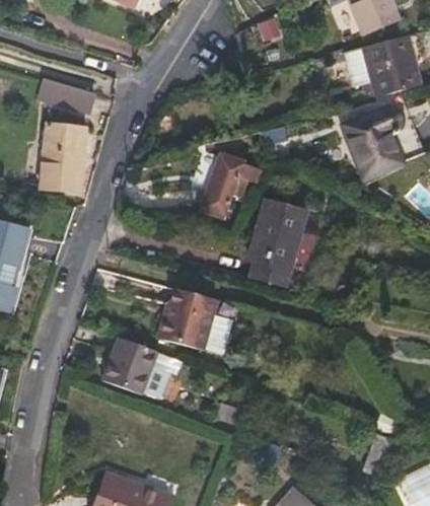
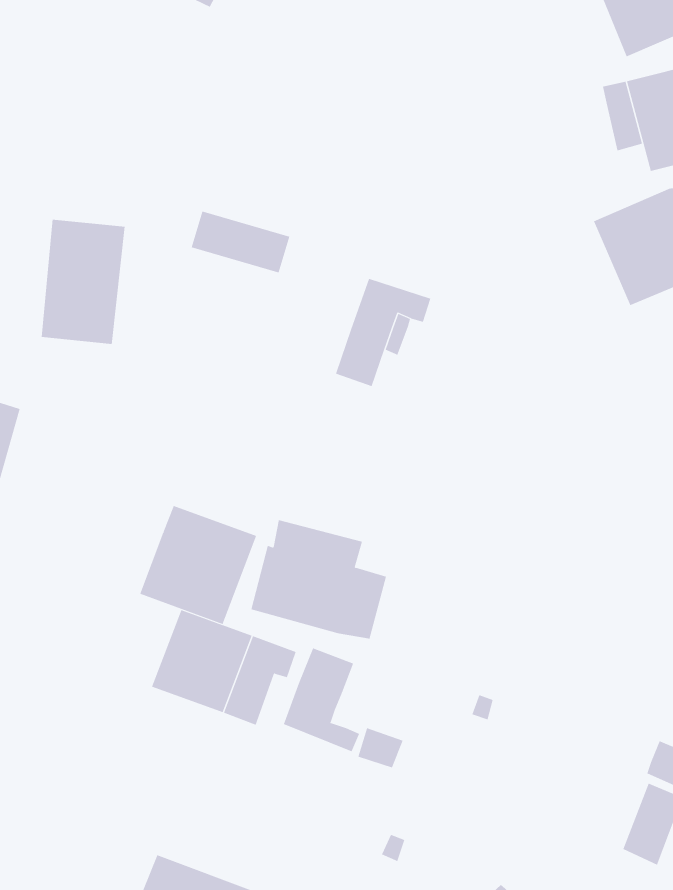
building: [40,78,94,113] -> [191,211,290,273]
building: [248,201,305,286] -> none
building: none -> [139,505,257,625]
building: none -> [283,648,360,752]

